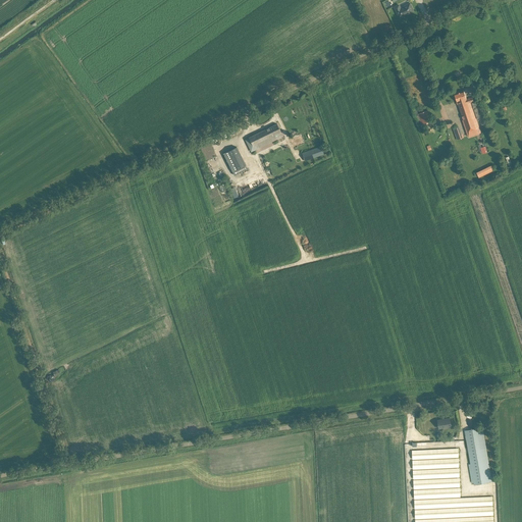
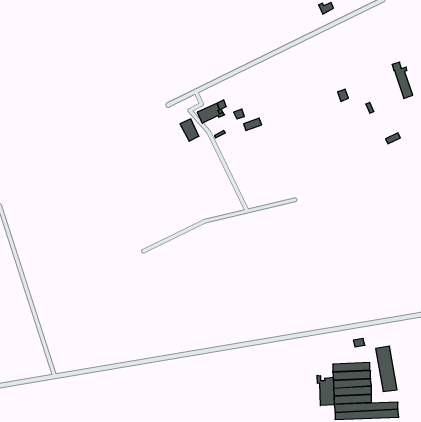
building: [454,91,479,136] -> [392,62,413,98]
building: none -> [317,375,334,406]

